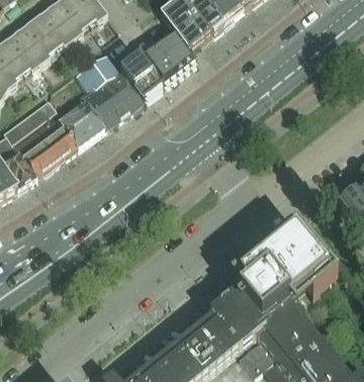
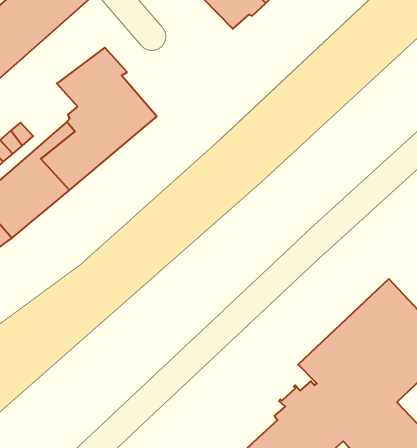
building: [120,32,196,98] -> none

